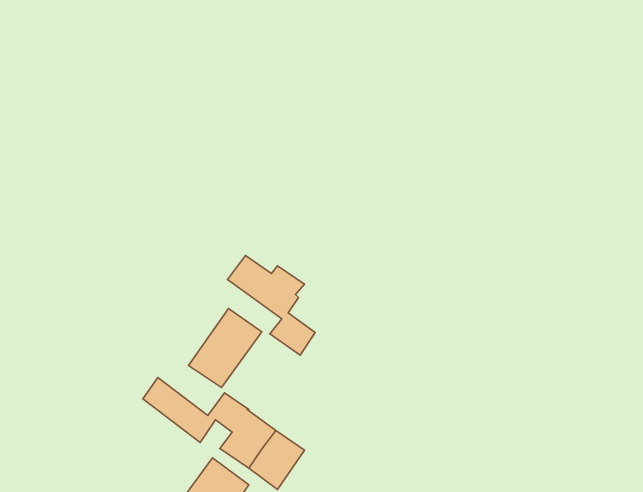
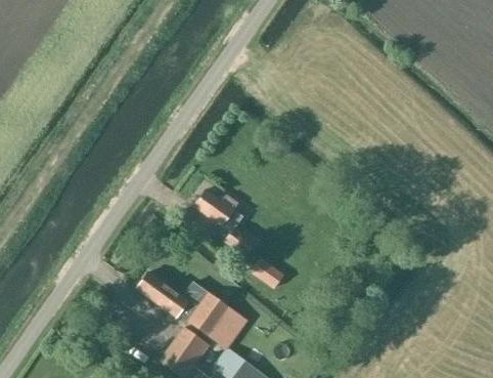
building: [189,308,262,387] -> none
building: none -> [249,258,283,290]

